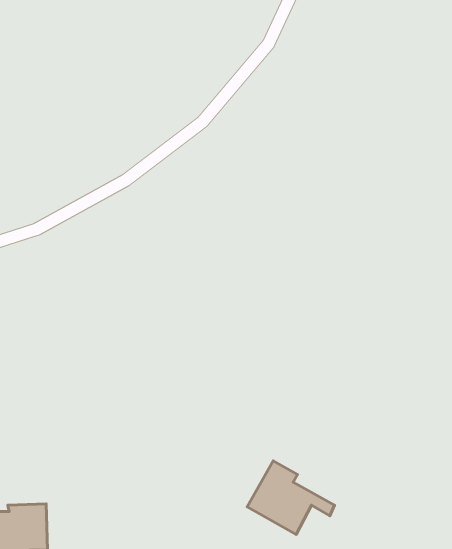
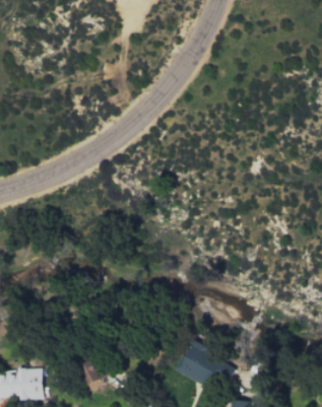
building: none -> [81,360,105,391]

